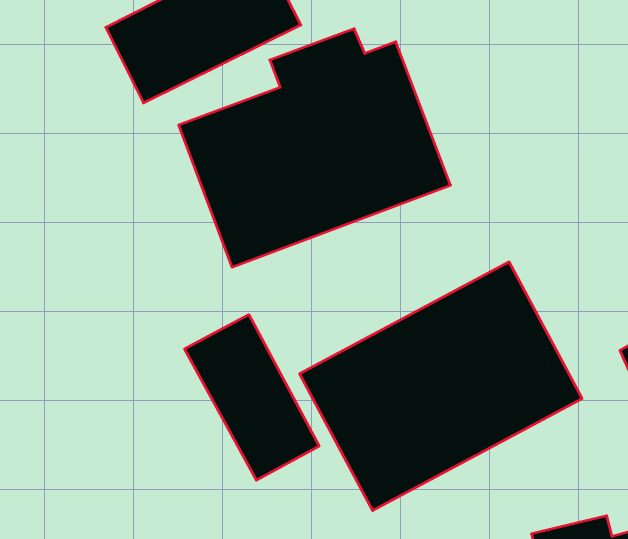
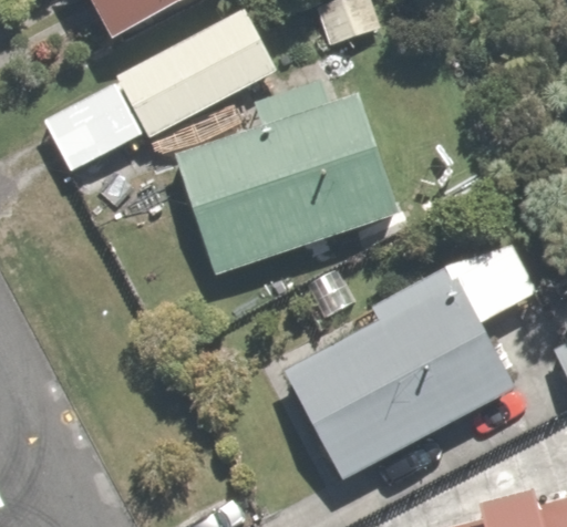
building: [185,315,319,480] -> none

